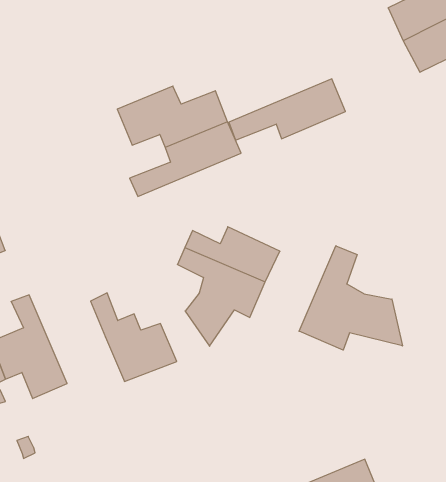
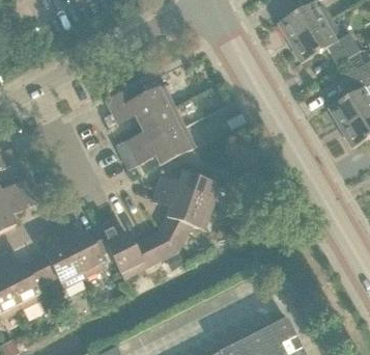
building: [229,79,345,140] -> [123,124,199,168]
building: [299,246,402,350] -> none
building: none -> [57,220,109,282]
building: none -> [144,229,177,263]

